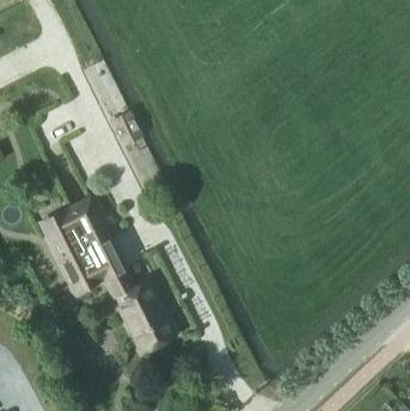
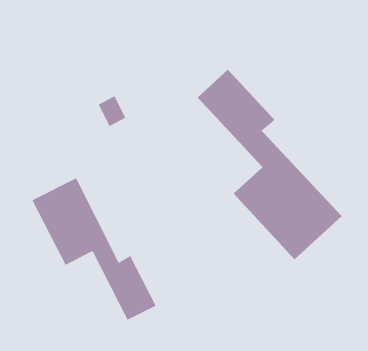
building: none -> [197,69,342,260]

